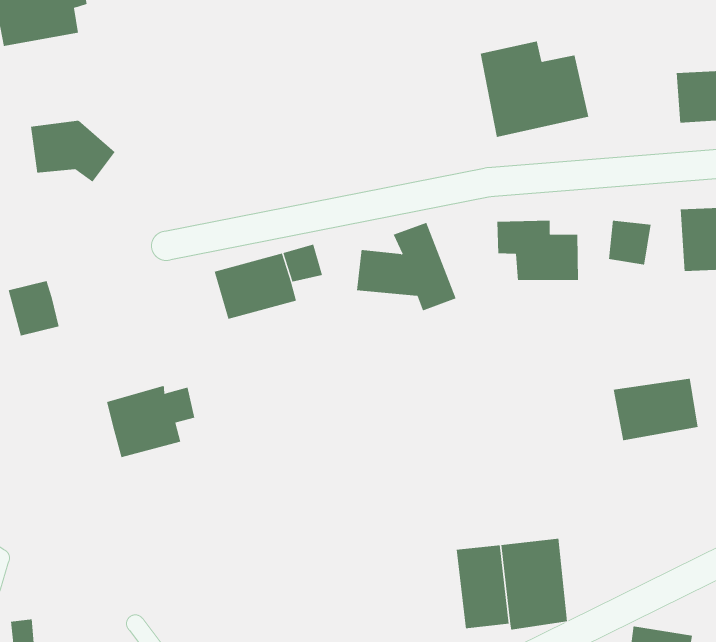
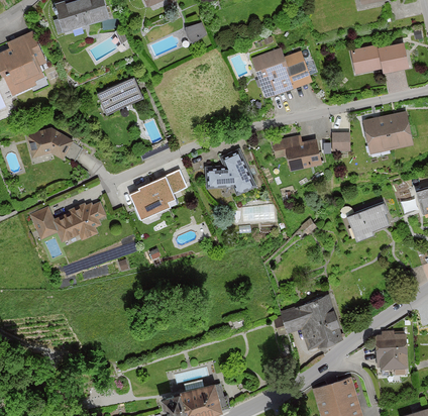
building: none -> [99,78,143,111]
building: [106,385,195,458] -> [54,202,100,243]

